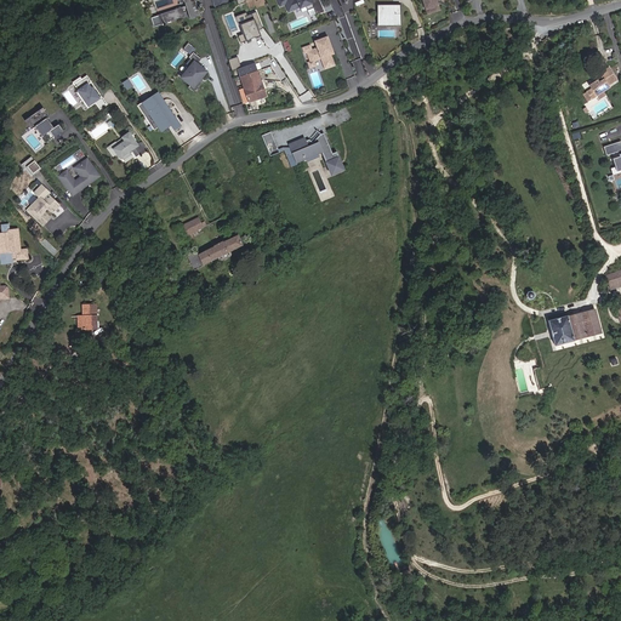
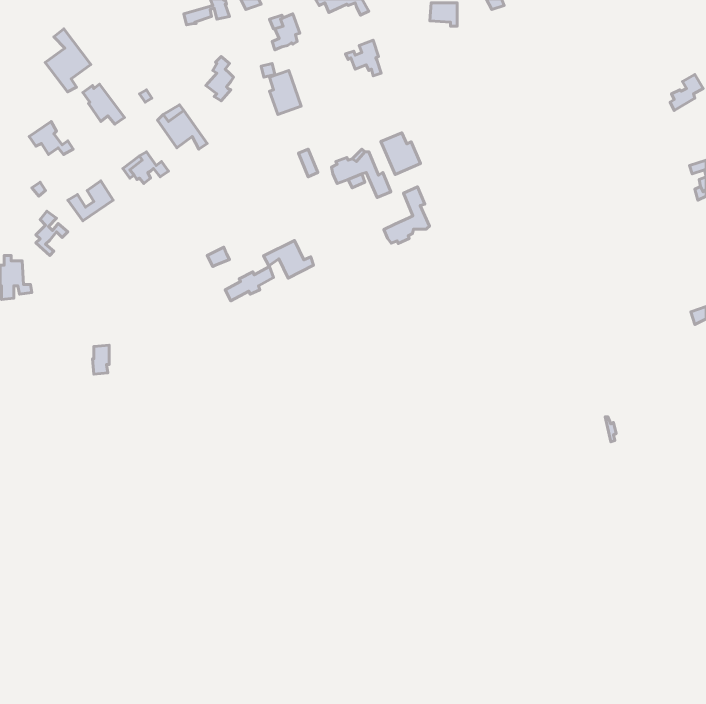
building: none -> [45,29,91,92]
building: none -> [381,133,421,174]
building: none -> [384,187,429,244]
building: none -> [264,241,314,278]
building: [548,308,600,346] -> none

